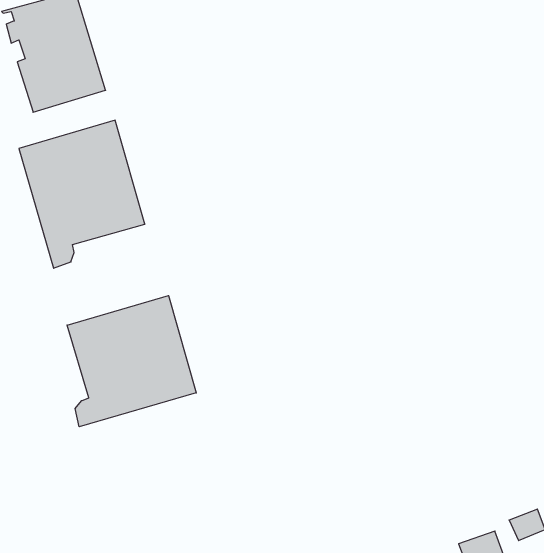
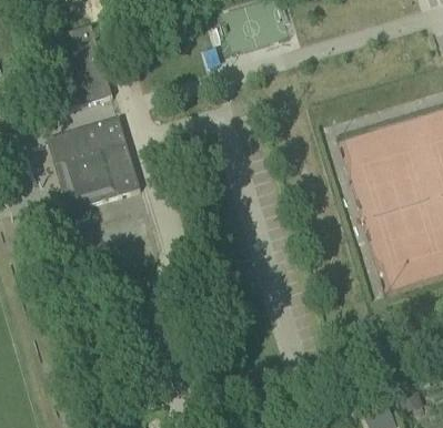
building: [67,296,196,427] -> none

